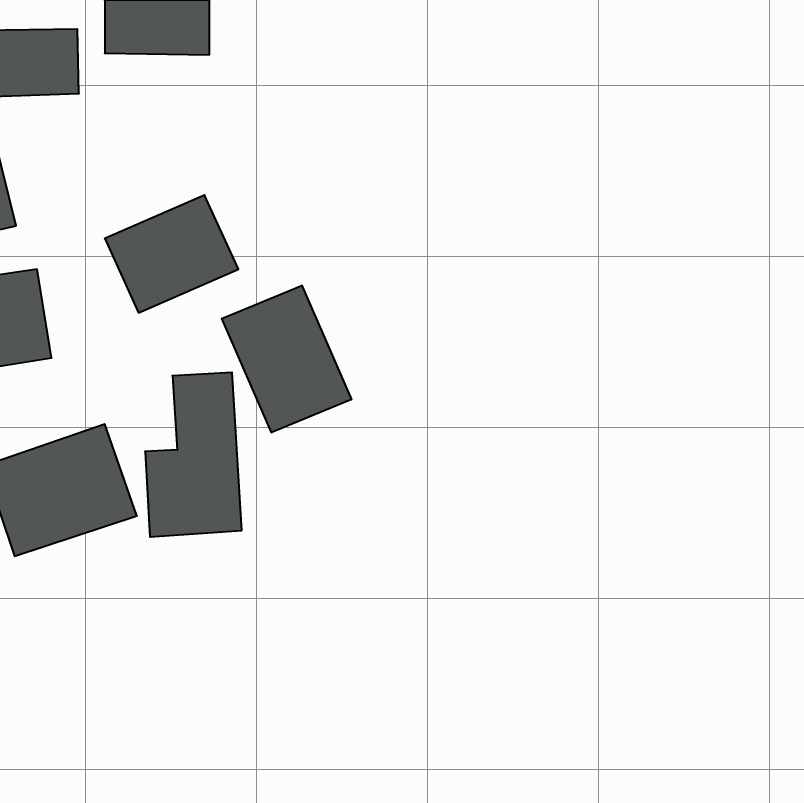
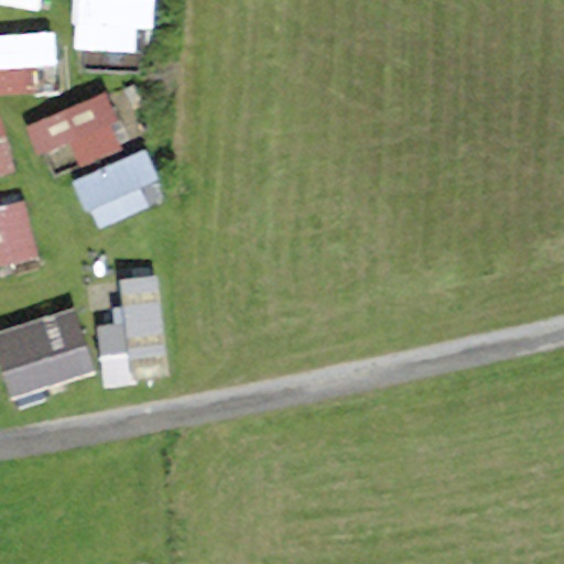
building: none -> [33,104,117,163]
building: [222,285,351,433] -> none

